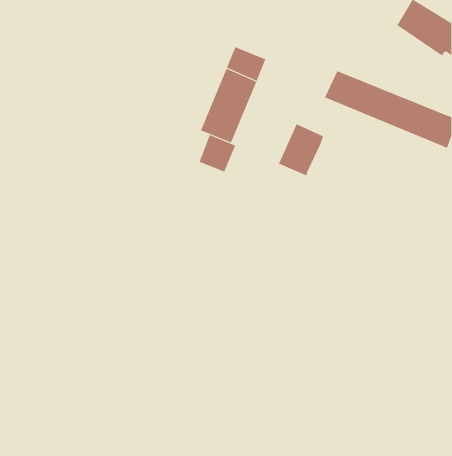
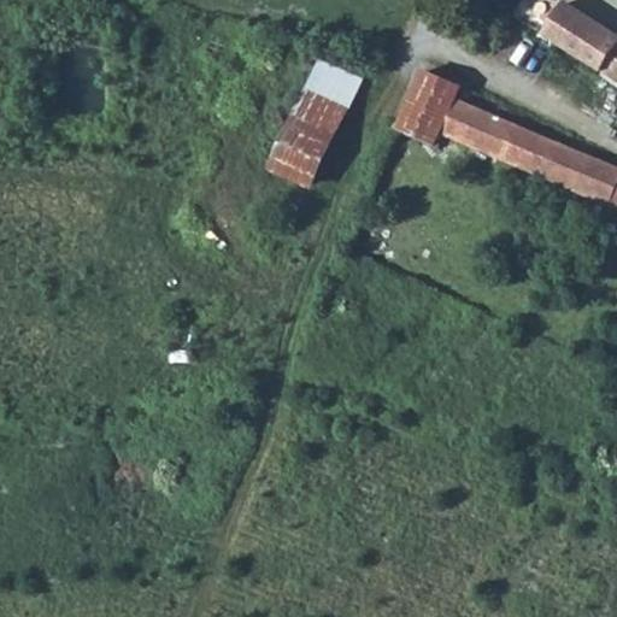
building: [278,124,324,176] -> [396,67,458,139]
building: [199,134,236,173] -> none

